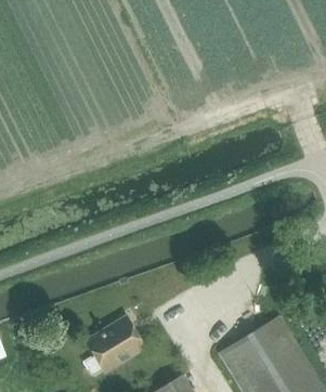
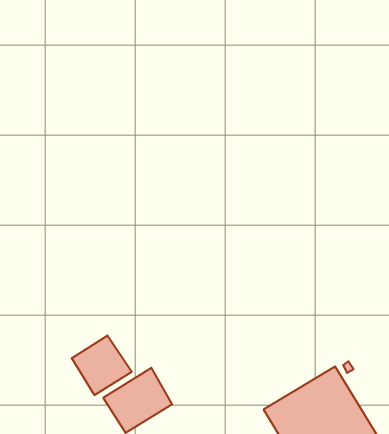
building: none -> [72,335,132,395]

